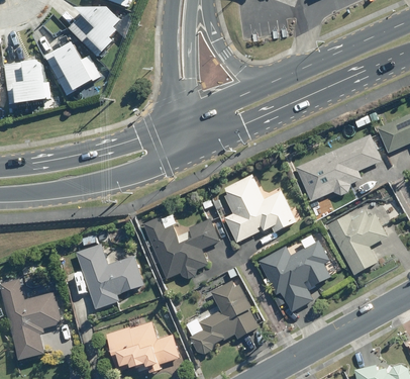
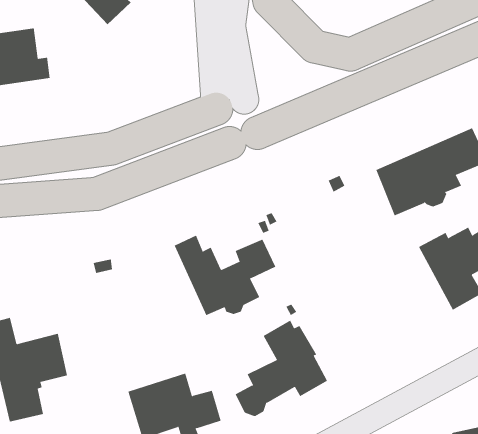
building: [42,42,96,93] -> none
building: [223,174,296,244] -> none
building: [258,240,330,312] -> none
building: [76,244,143,308] -> none

